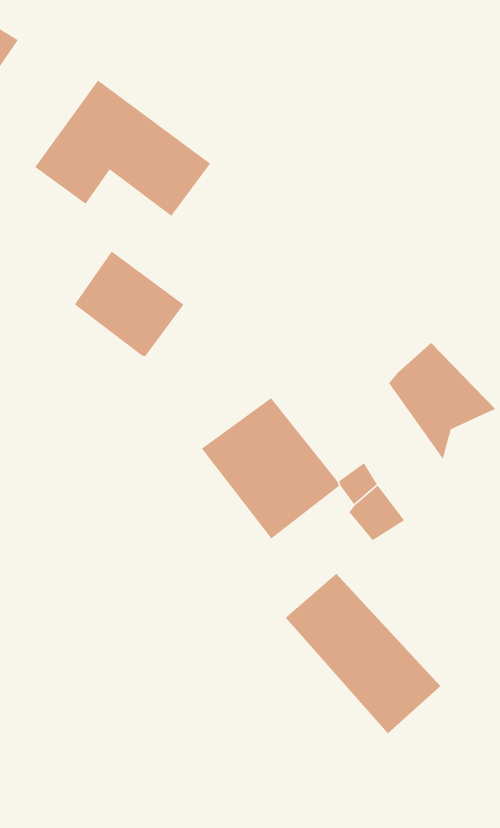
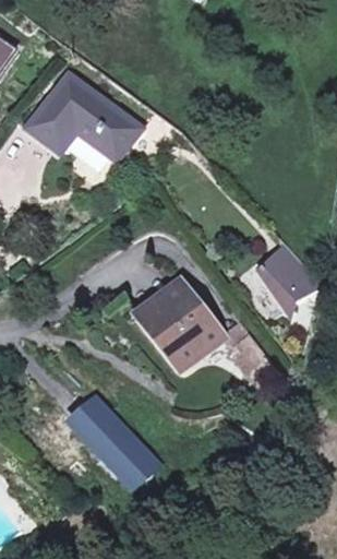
building: [74,250,185,357] -> none
building: [285,573,441,734] -> [62,390,161,492]

